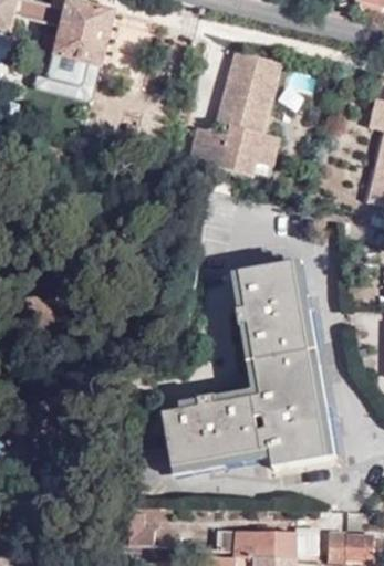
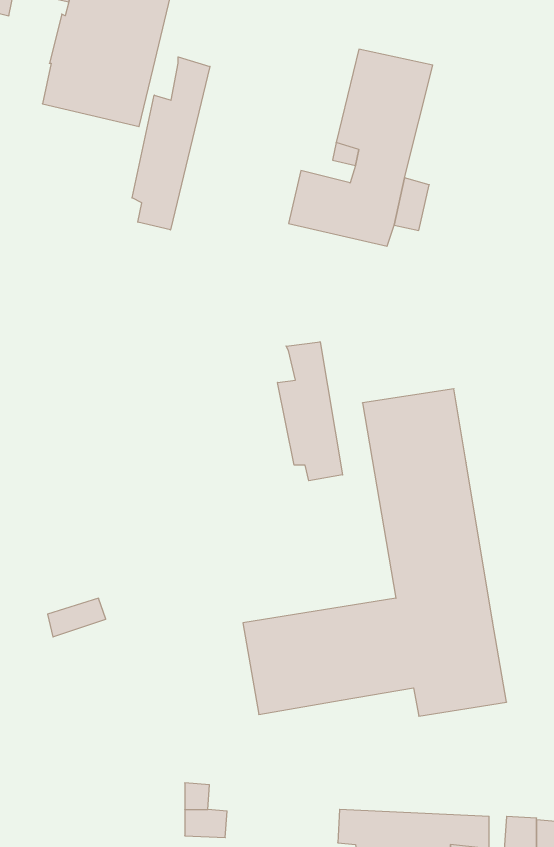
building: none -> [132,57,210,230]
building: none -> [278,342,343,481]

